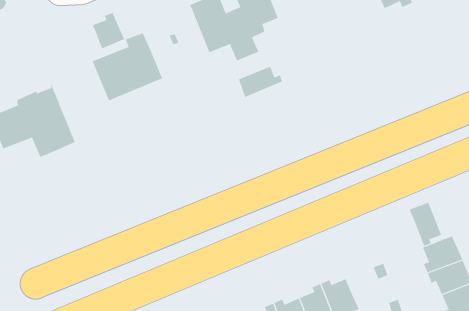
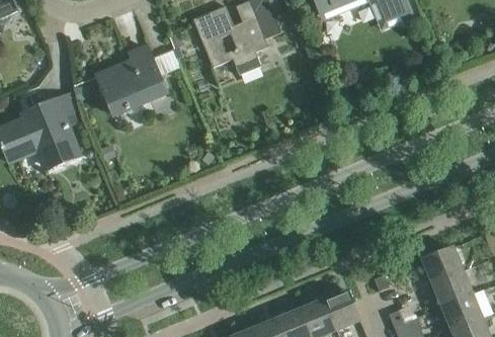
building: [92,12,125,49] -> none
building: [238,66,283,98] -> none
building: [409,202,442,247] -> none

